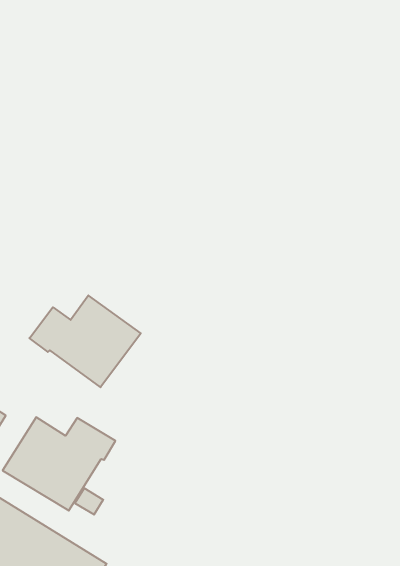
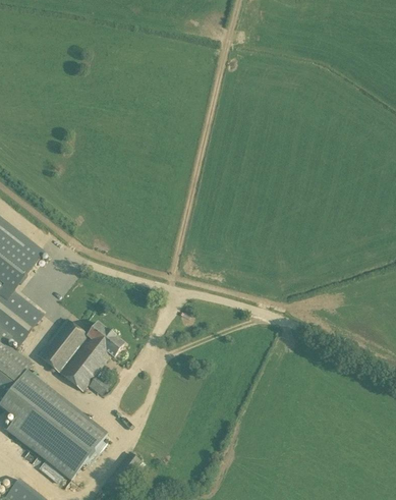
building: [29,295,141,387] -> none

